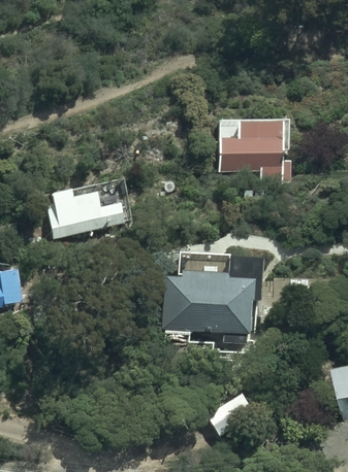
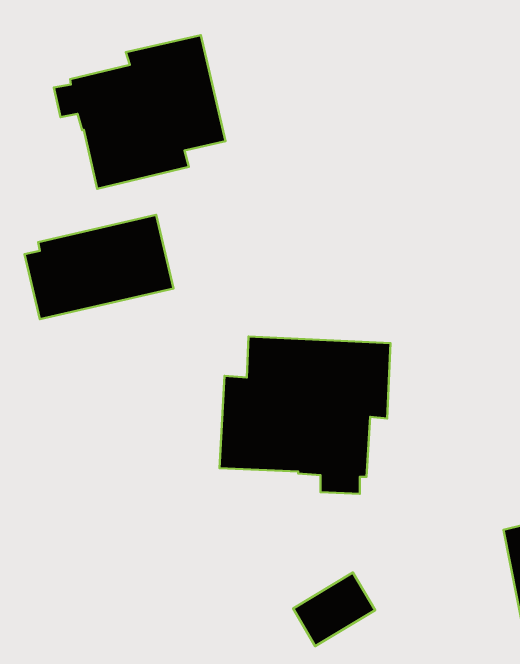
building: none -> [54,35,225,189]
building: [218,119,291,188] -> none

